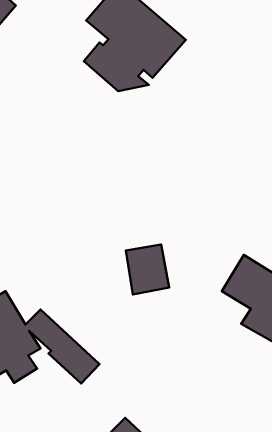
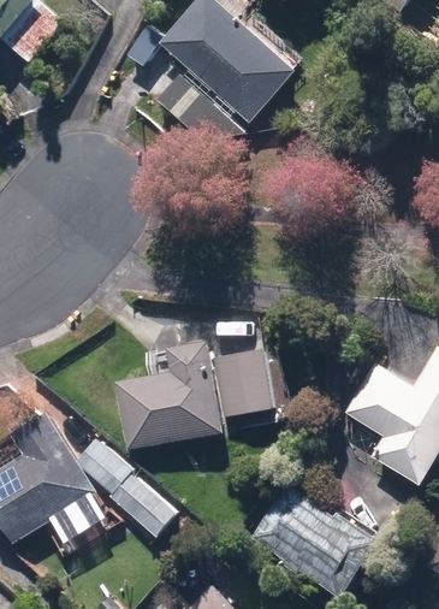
building: none -> [115,339,223,448]
building: none -> [253,485,379,595]

